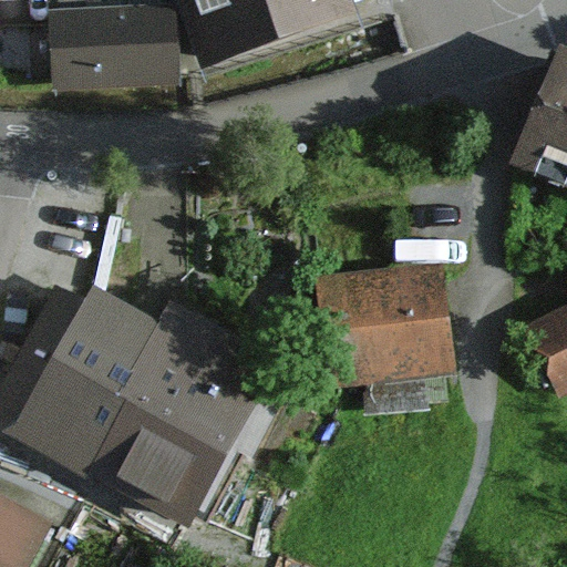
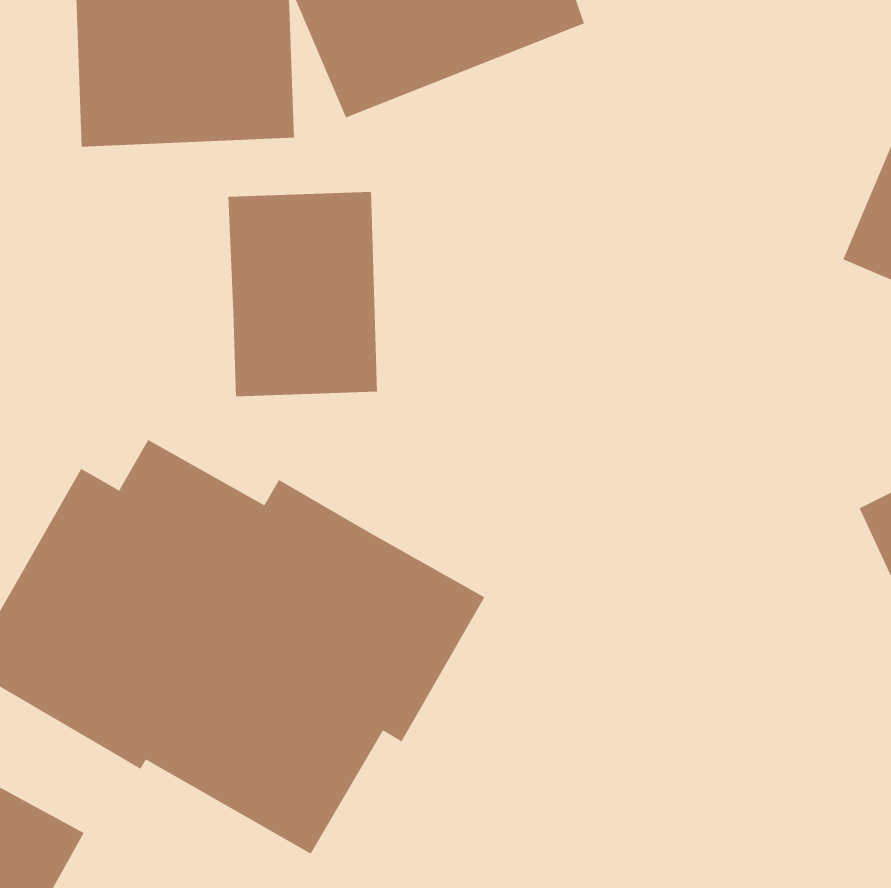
building: none -> [228,191,378,397]
building: [309,259,454,384] -> none

